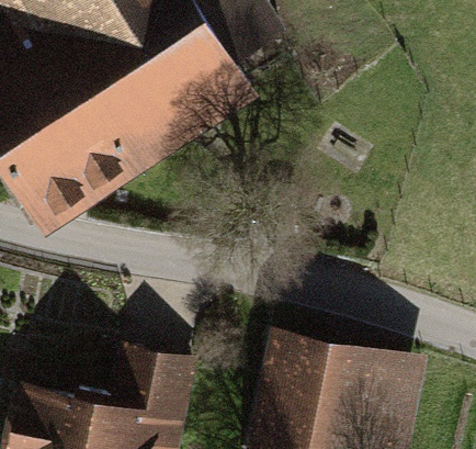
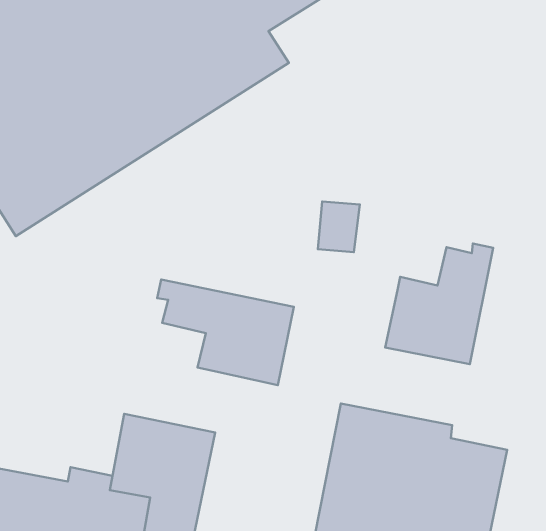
building: none -> [385,244,493,364]
building: none -> [157,280,294,385]

